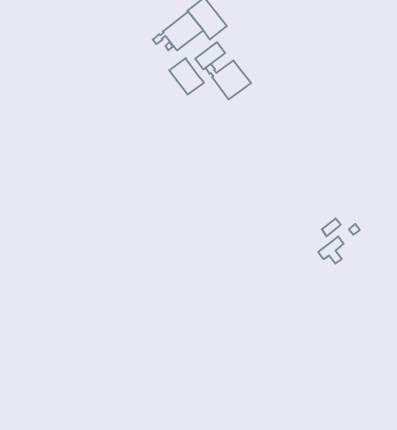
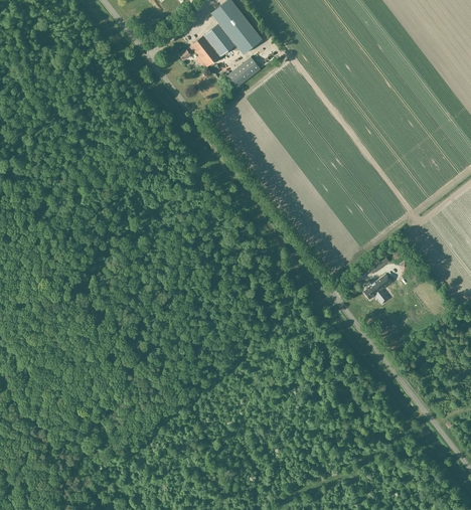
building: [169,58,204,95] -> none
building: [206,60,251,99] -> none

